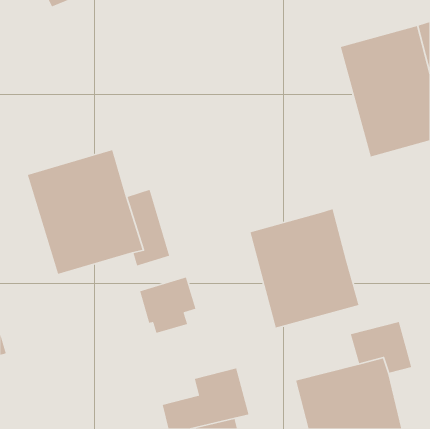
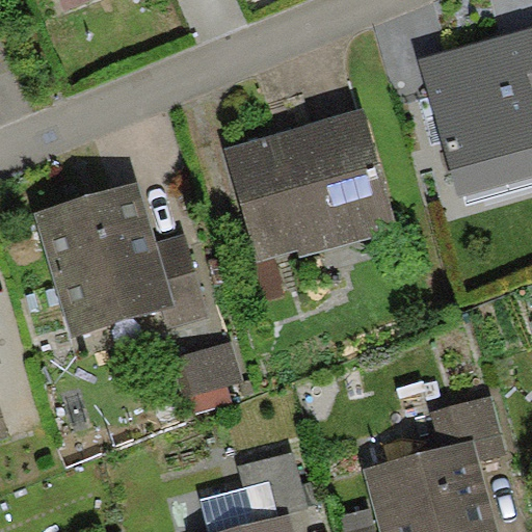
building: none -> [225,112,398,263]
building: [250,208,359,329] -> none

